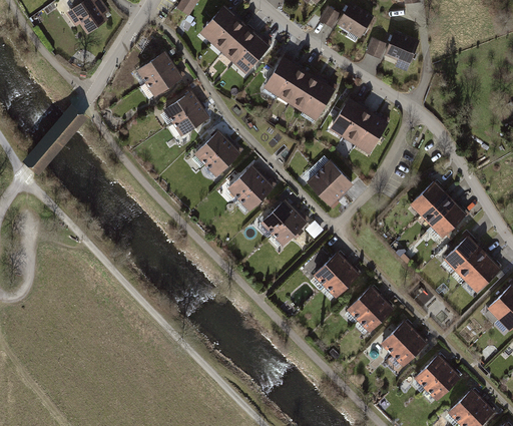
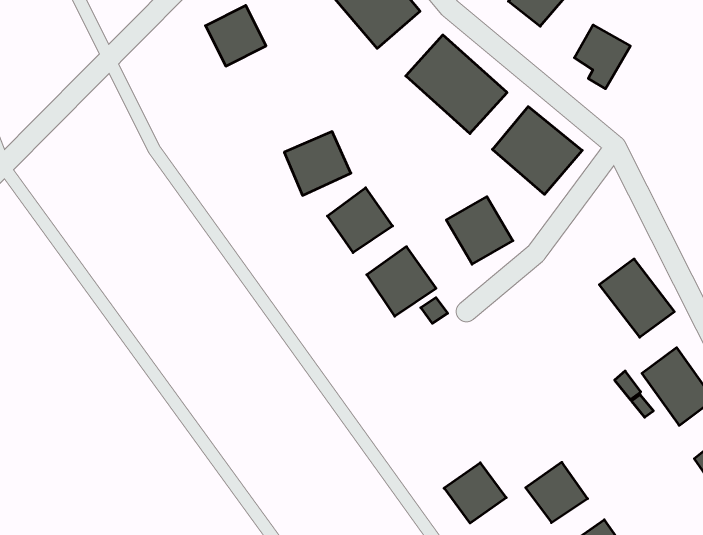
building: [160,96,202,138] -> none
building: [318,253,359,293] -> none
building: [351,287,392,327] -> [444,463,506,523]

